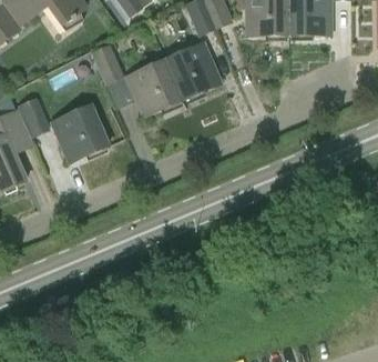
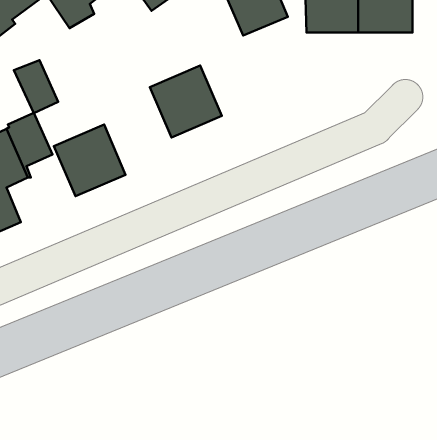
building: [90,43,124,84] -> [14,60,58,113]
building: [165,43,219,99] -> none

